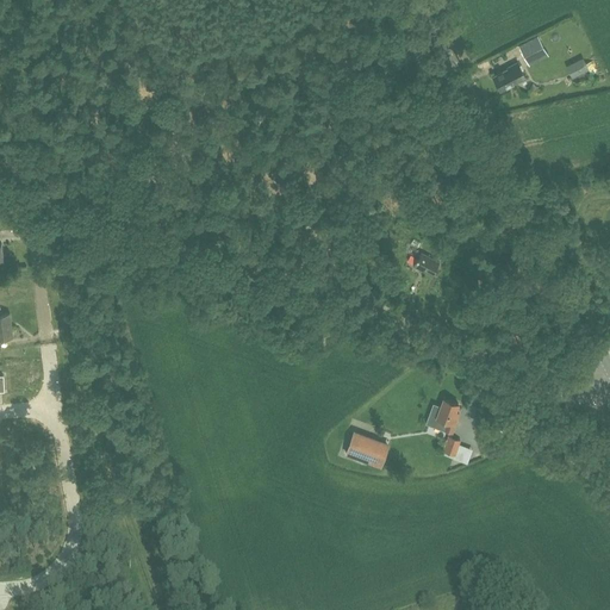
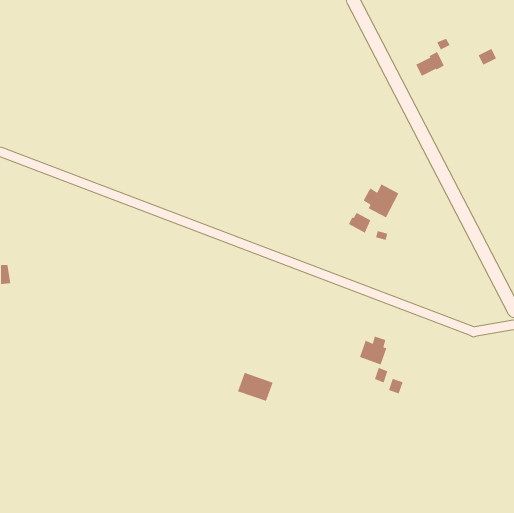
building: none -> [363,183,399,218]
building: [347,428,390,462] -> [237,372,273,401]

